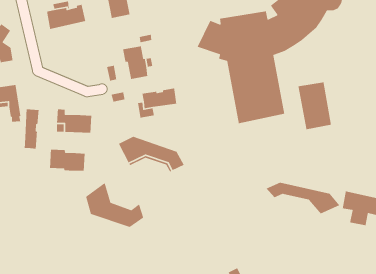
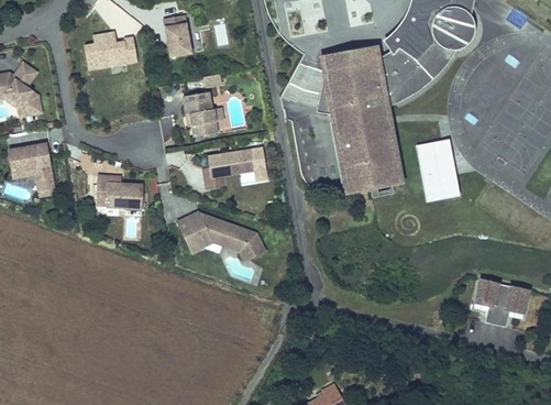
building: [24,109,40,150] -> none
building: [49,149,86,172] -> none
building: [85,182,144,228] -> none
building: [265,182,341,215] -> none

